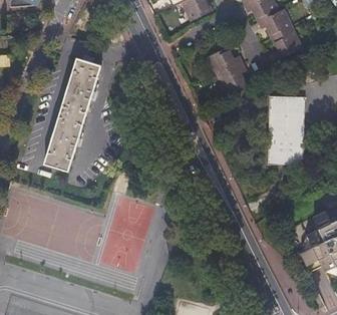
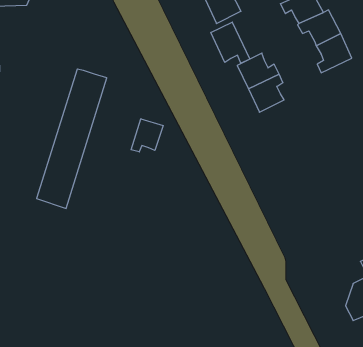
building: none -> [211,22,250,63]
building: [267,97,303,167] -> none
building: none -> [131,119,163,152]

